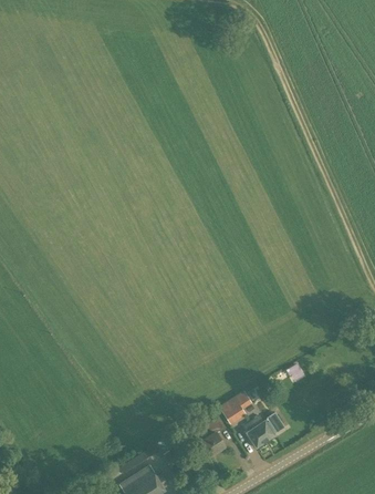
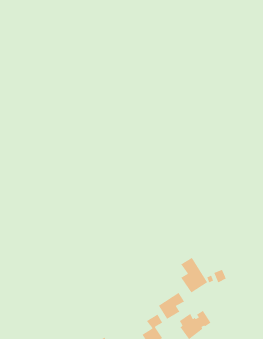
building: none -> [180,257,208,294]

